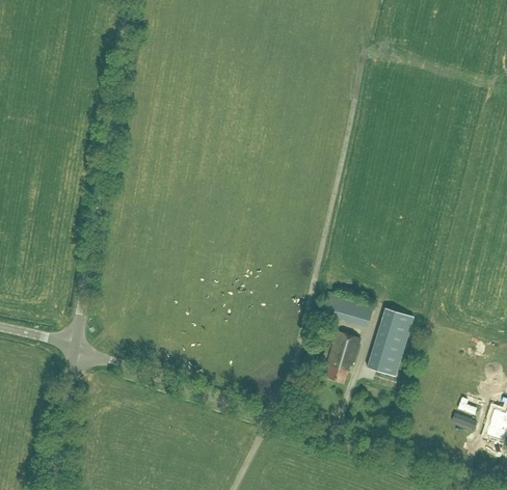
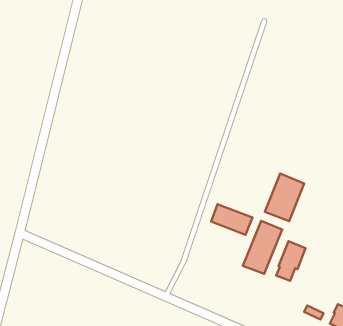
building: none -> [265,174,304,221]
building: [324,331,359,382] -> [276,241,306,281]

